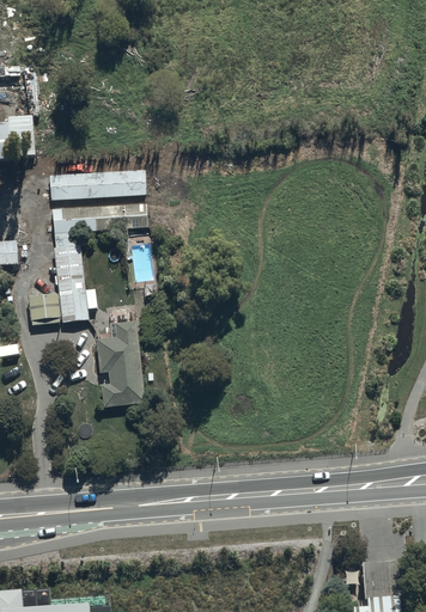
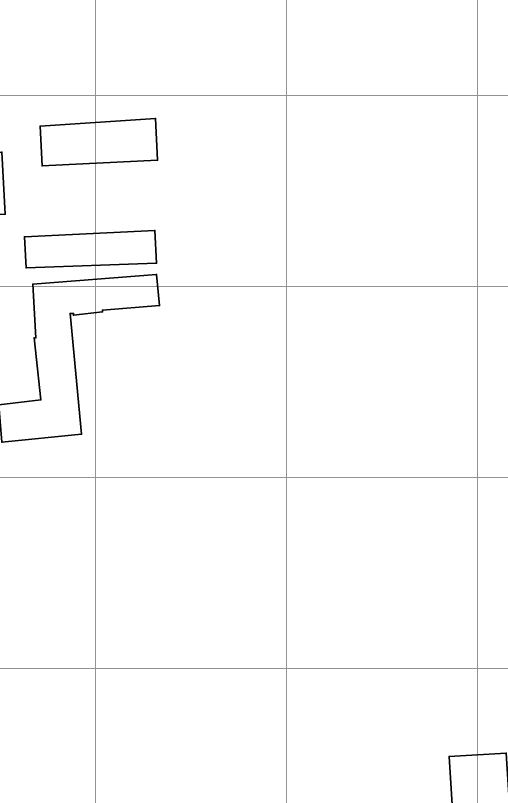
building: none -> [40,118,158,166]
building: [95,320,144,408] -> none

